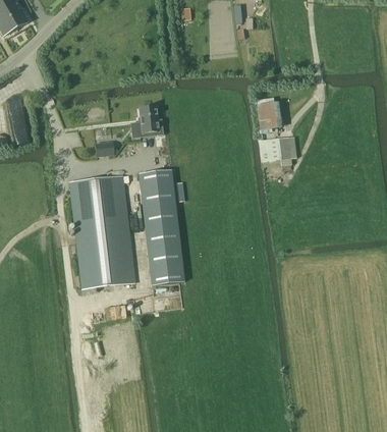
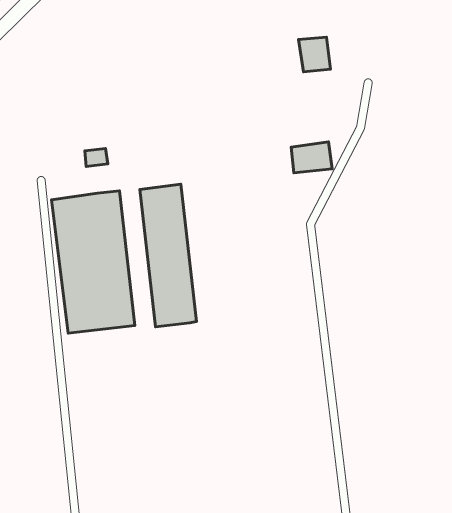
building: [257,101,282,128] -> [298,37,330,72]
building: [137,105,163,133] -> none

